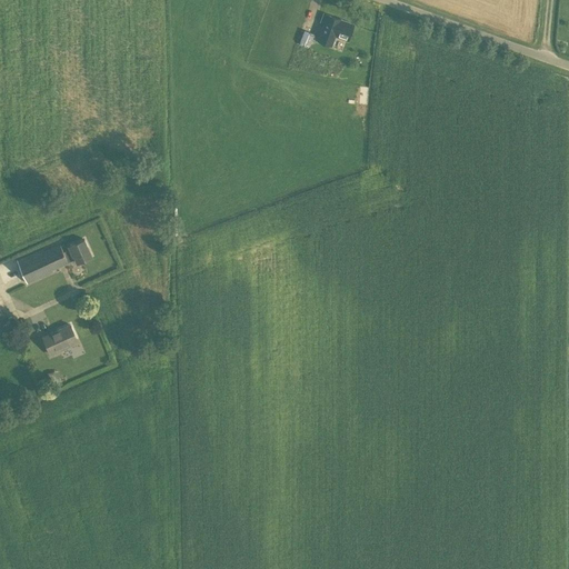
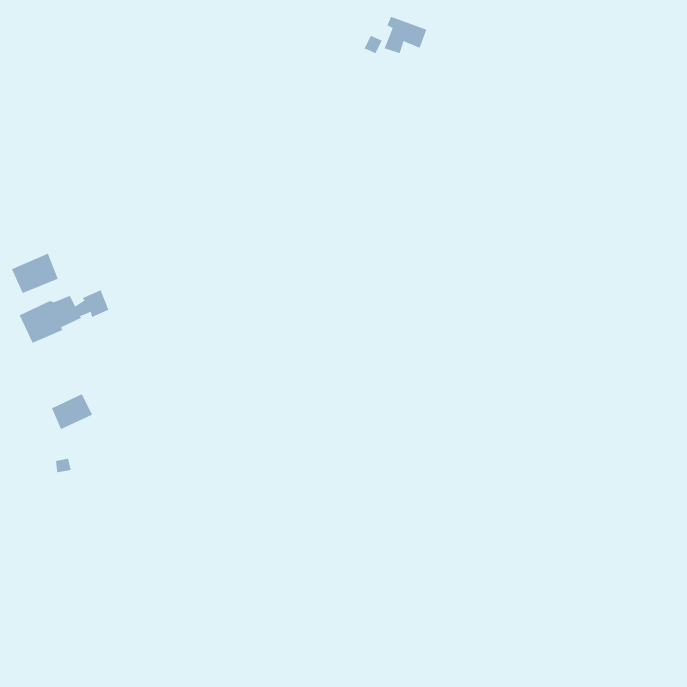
building: none -> [11,253,59,294]

